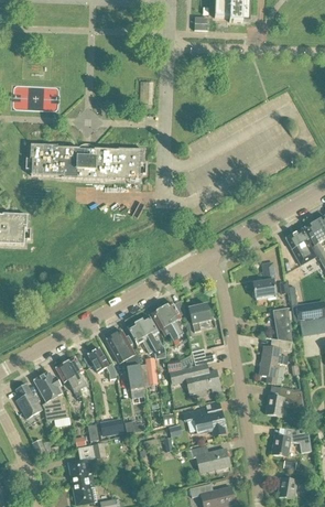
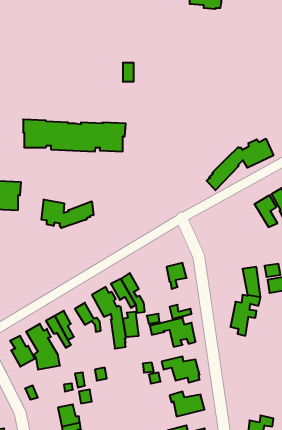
building: none -> [207,139,273,190]
building: none -> [41,199,93,228]
building: [252,261,275,298] -> none
building: [151,302,182,344] -> none
building: [266,387,304,416] -> none
building: [271,428,311,456] -> none

